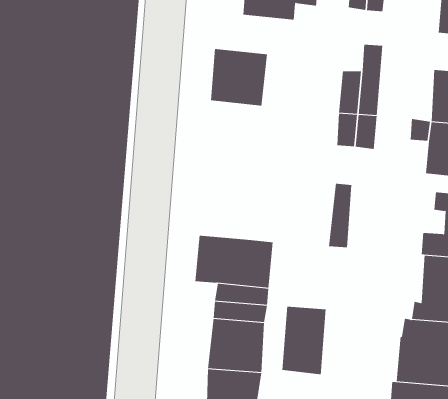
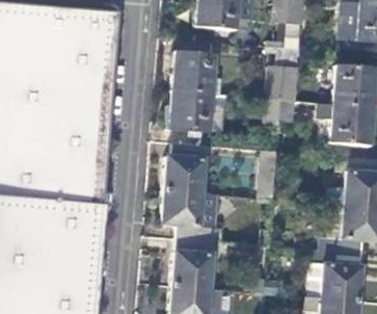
building: none -> [168,88,211,131]
building: none -> [164,141,210,191]
building: [282,306,326,375] -> none

